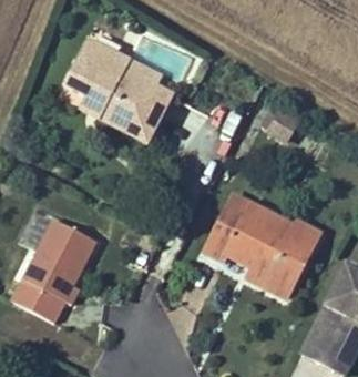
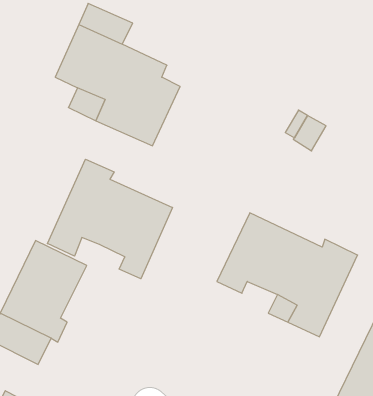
building: none -> [47,159,172,279]

